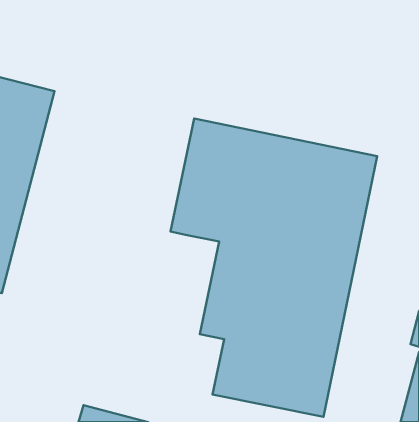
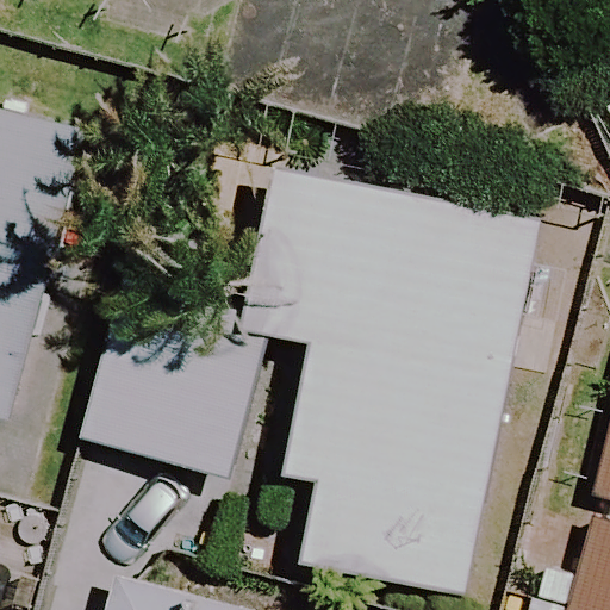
building: none -> [75,301,264,488]

